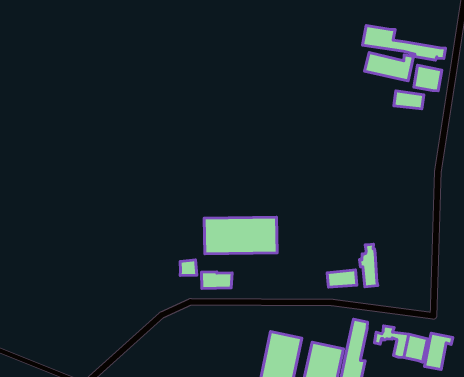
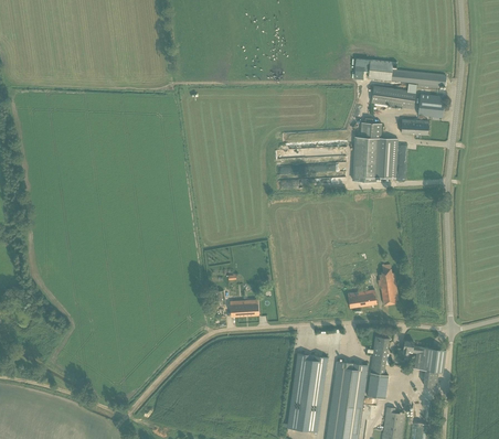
building: none -> [351,122,395,182]
building: [204,217,277,254] -> none
building: [425,333,453,369] -> none

